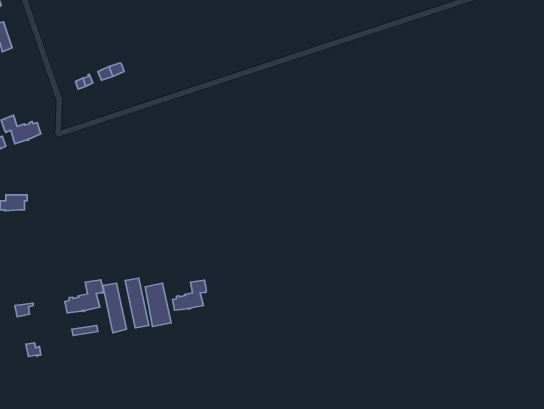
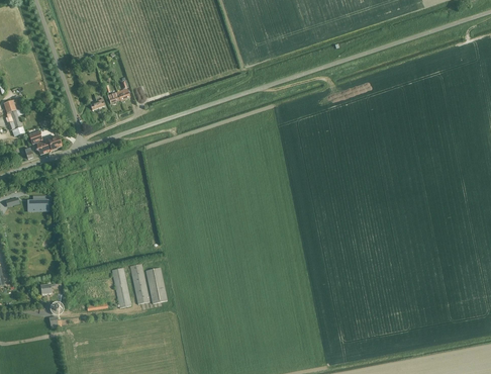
building: [65,280,103,313] -> none
building: [172,280,207,310] -> none

